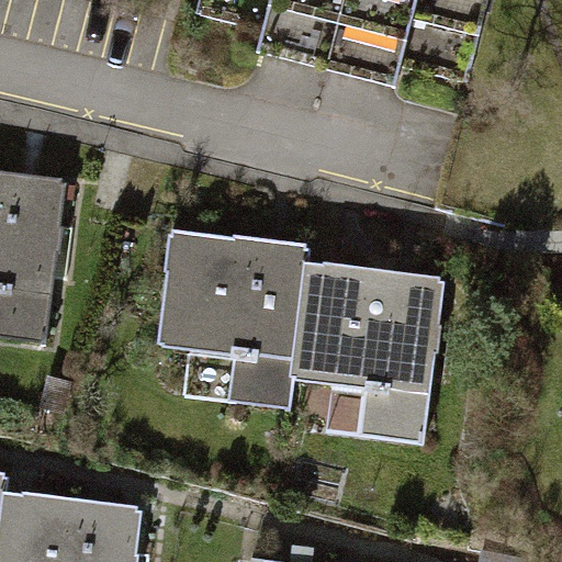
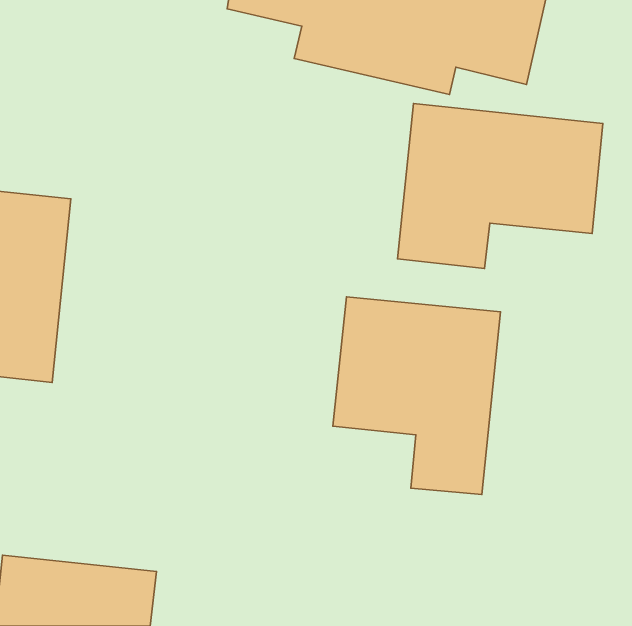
building: none -> [398,104,603,269]
building: [158,228,308,408] -> none

